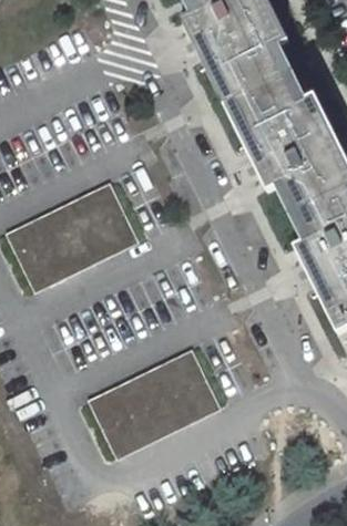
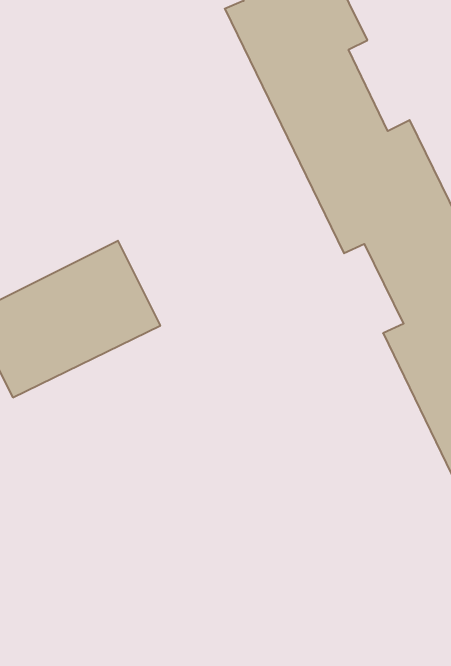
building: [89,349,222,461] -> none

